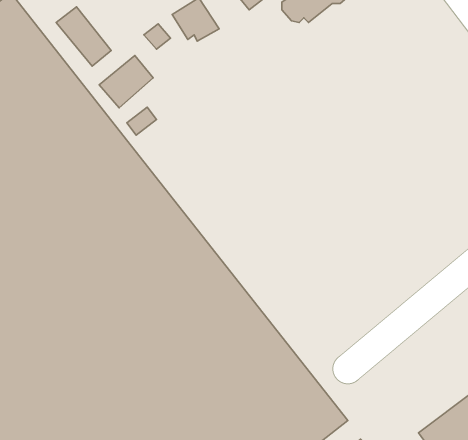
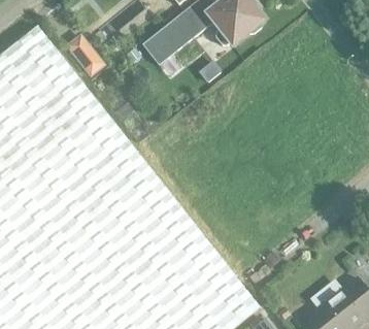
building: [99,56,153,108] -> none

